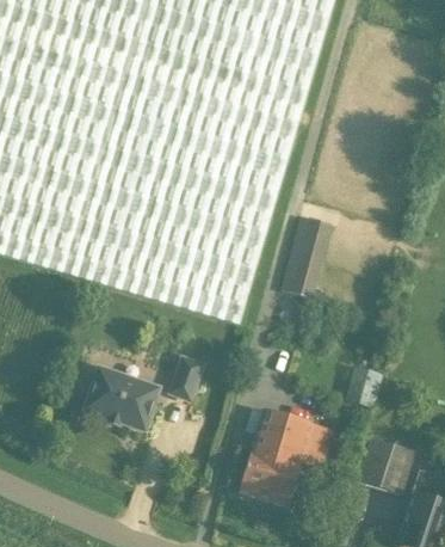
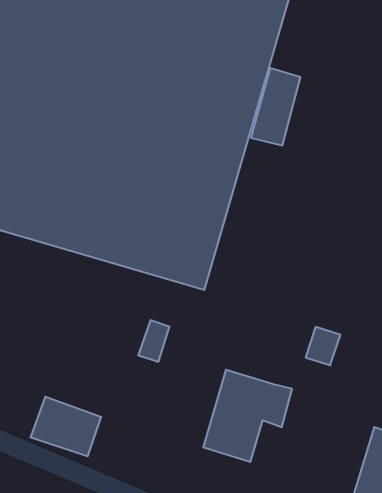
building: [280,215,333,297] -> [251,68,300,146]
building: [84,365,159,429] -> [30,397,101,456]
building: [357,437,415,494] -> none

